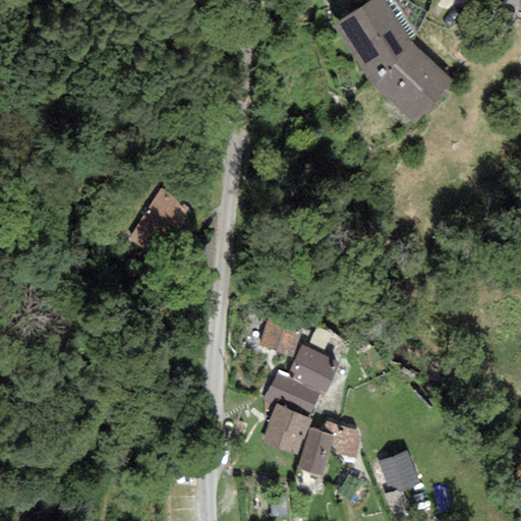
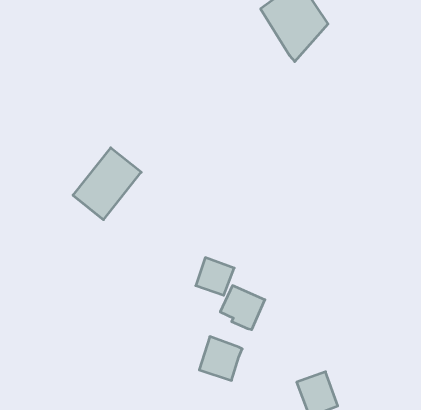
building: [373,42,451,122] -> none
building: [263,371,319,416] -> none
building: [297,420,364,475] -> none

